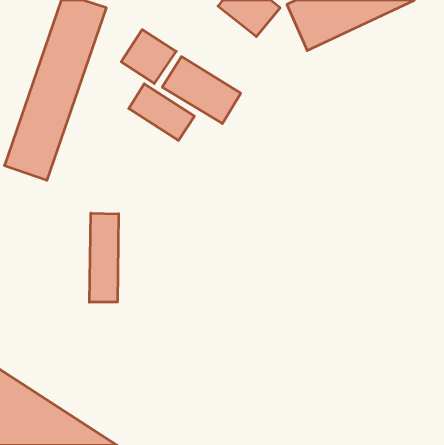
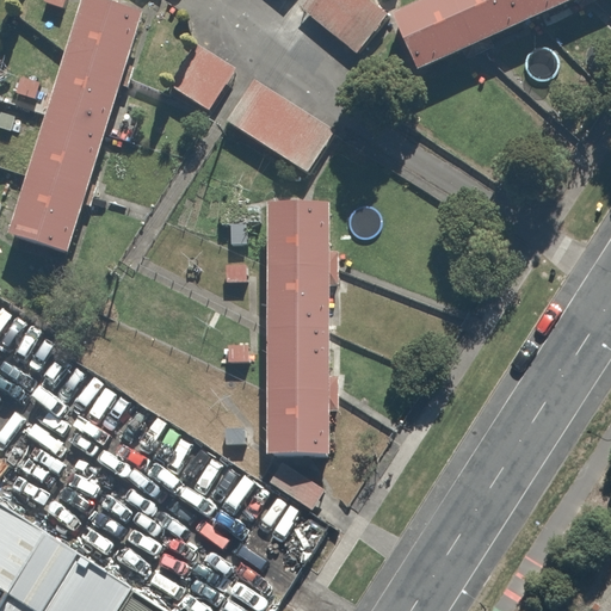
building: [129,84,194,140] -> none
building: none -> [265,195,357,523]
building: [89,213,119,302] -> none

